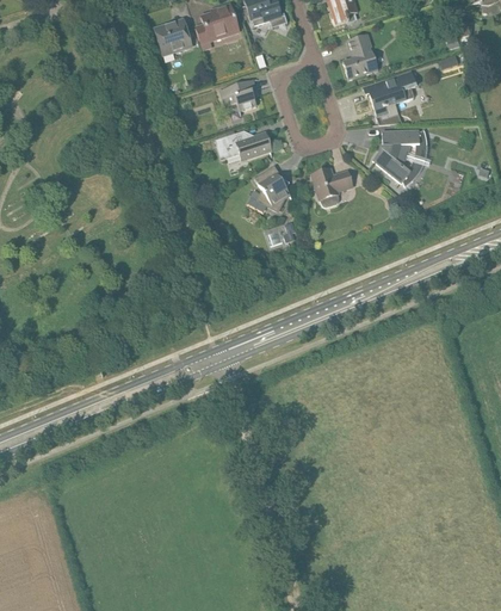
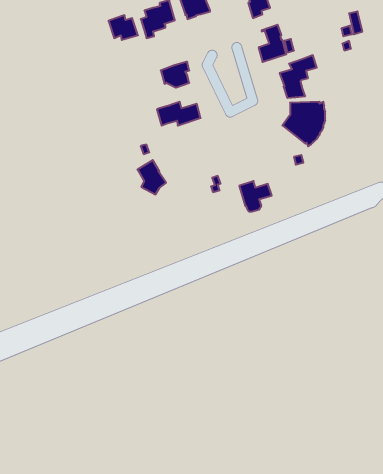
building: [255,165,291,208] -> [137,160,166,194]
building: [313,167,353,205] -> [239,181,272,212]

